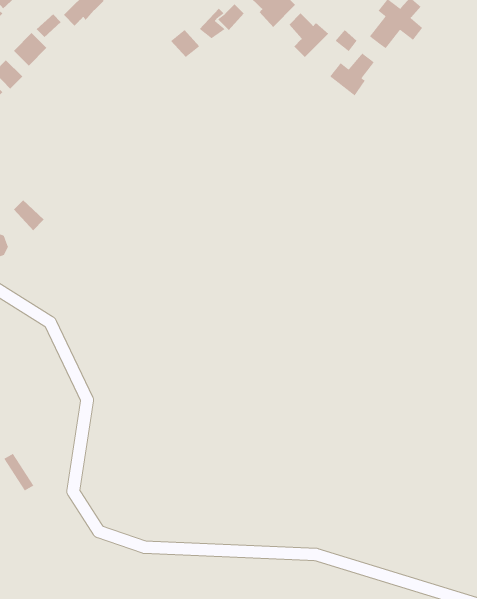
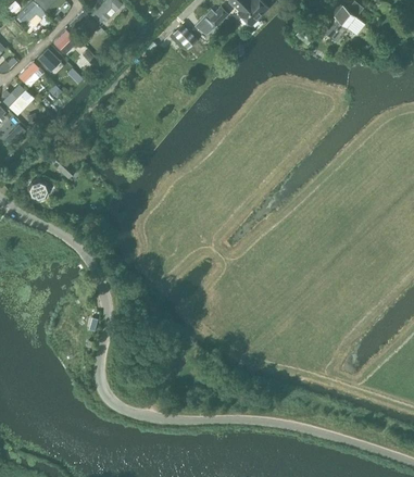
building: [288,13,329,58] -> none
building: [329,52,375,96] -> none

